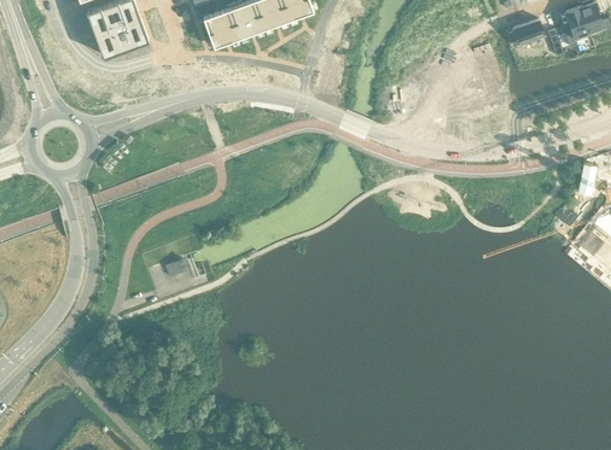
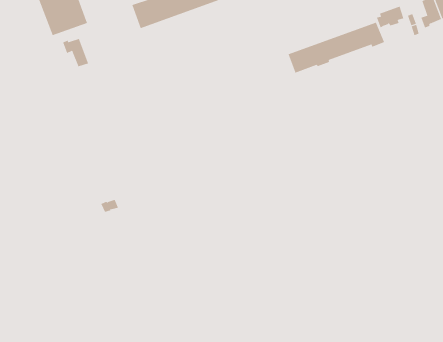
building: none -> [288,22,385,74]
building: none -> [62,38,89,67]

